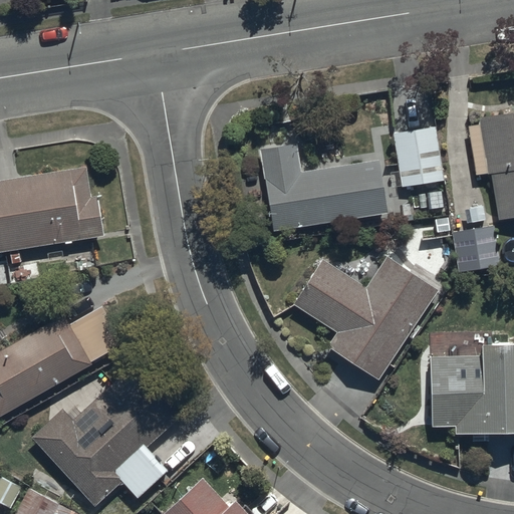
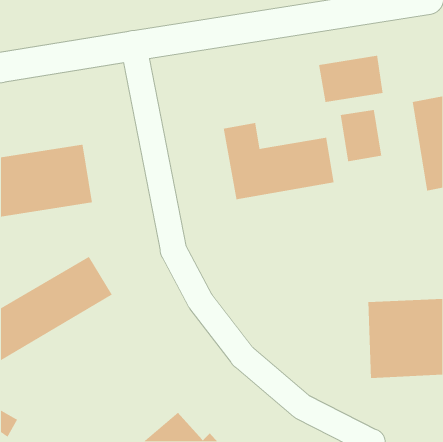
building: none -> [318,55,384,103]
building: [451,227,497,270] -> none
building: [289,254,438,382] -> none
building: [34,363,192,507] -> none

